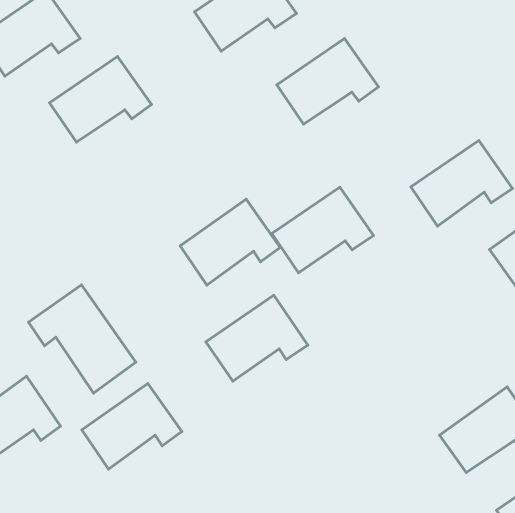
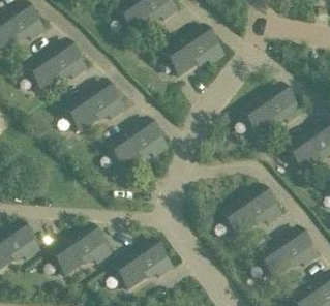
building: none -> [73,78,132,127]
building: [272,187,374,273] -> [224,187,283,237]
building: [28,285,136,393] -> none
building: [206,295,308,381] -> [116,240,175,289]

